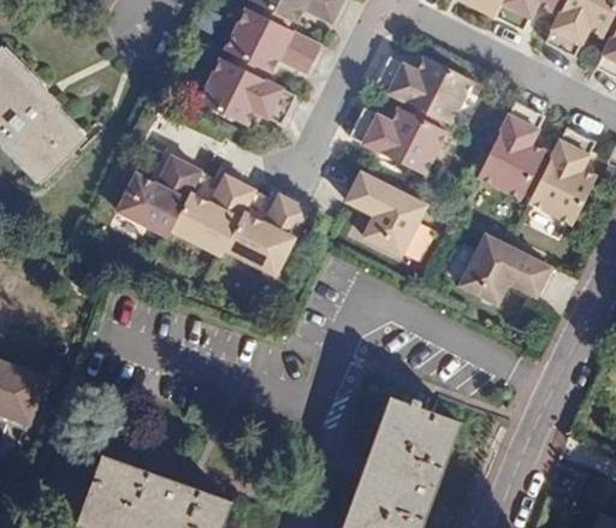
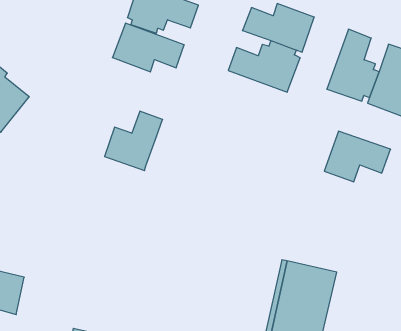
building: [118,156,201,236] -> none
building: [346,172,427,255] -> none
building: [225,195,309,275] -> none

